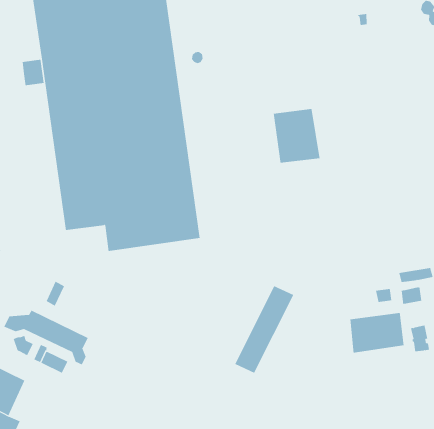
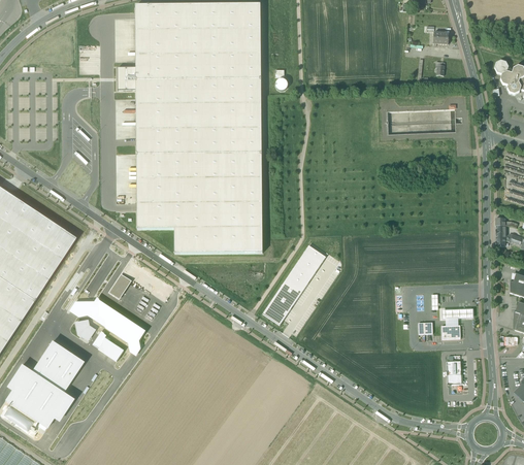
building: [273,108,320,163] -> none
building: [234,285,294,374] -> [262,244,326,324]
building: [350,312,404,353] -> none

